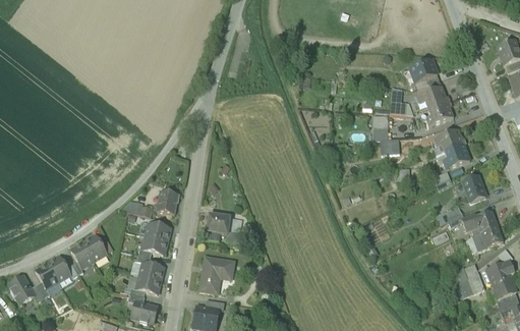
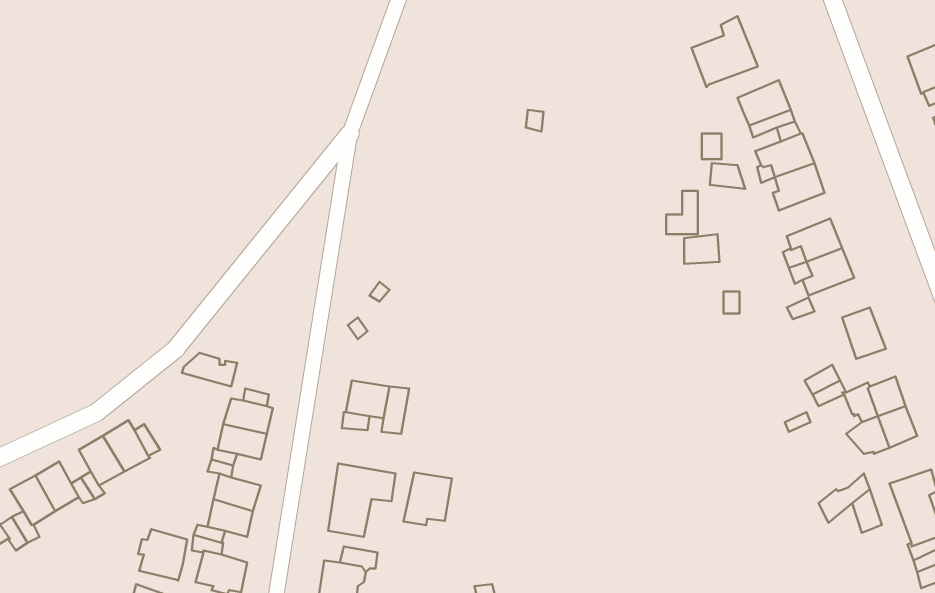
building: none -> [692,16,758,87]
building: [157,190,178,215] -> none
building: none -> [404,473,452,525]
building: none -> [138,529,187,581]

